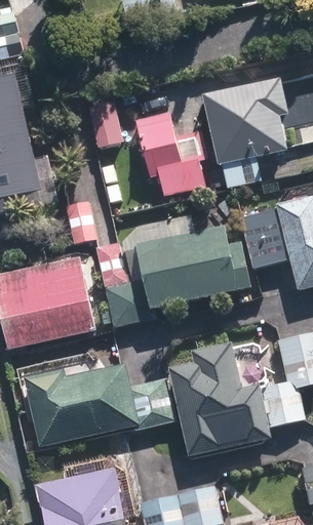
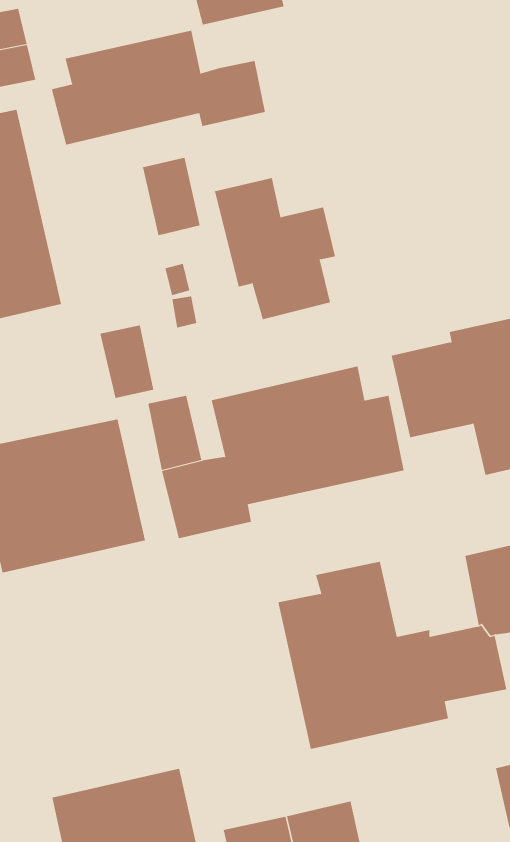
building: none -> [51,30,266,145]
building: [204,74,289,160] -> none
building: [25,362,180,447] -> none

